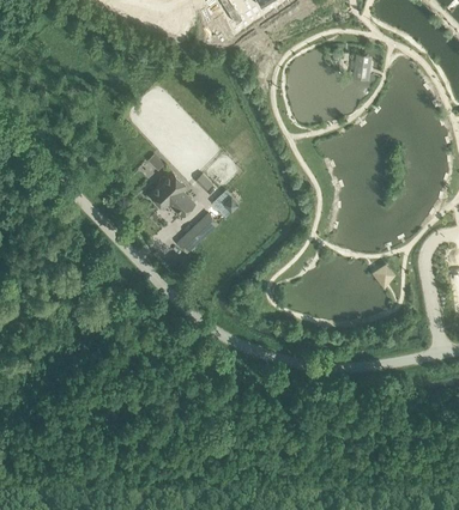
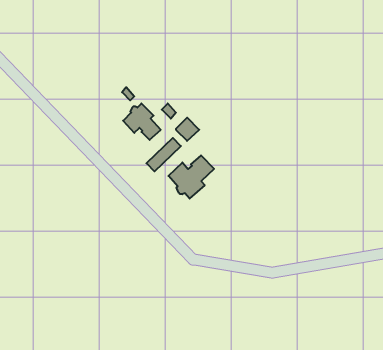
building: none -> [168,155,214,199]

